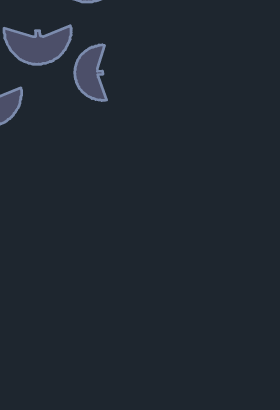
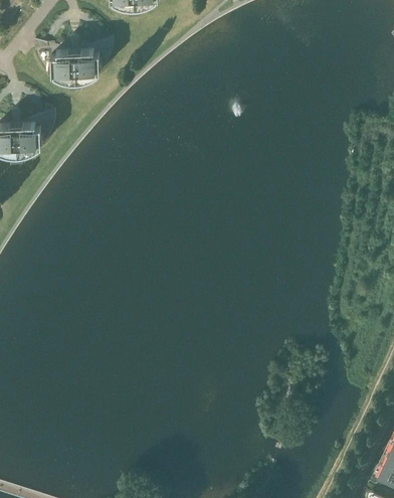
building: [75,45,107,101] -> none

